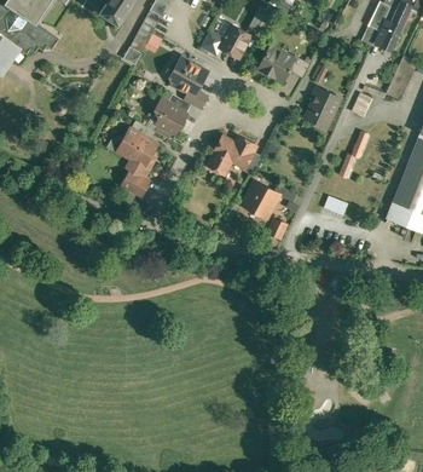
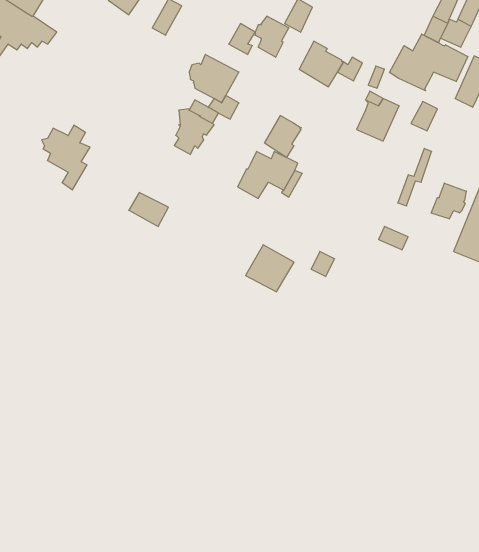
building: none -> [390,34,468,91]
building: none -> [265,116,301,158]
building: [118,126,158,179] -> [42,125,90,190]
building: none -> [431,183,466,219]
building: [241,180,280,219] -> [246,245,294,292]

